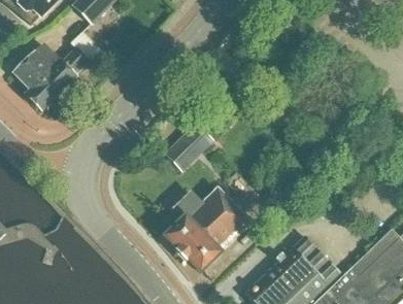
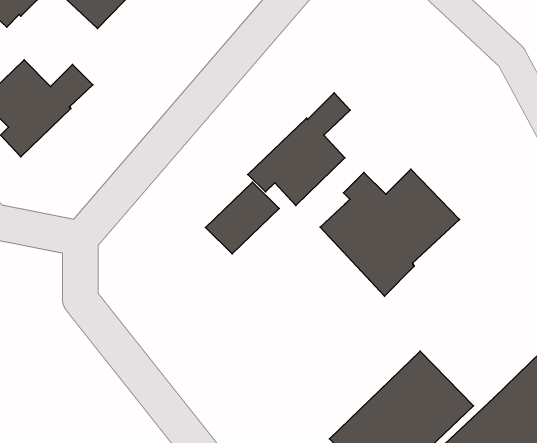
building: none -> [248,93,350,205]
building: [160,190,251,273] -> [320,169,460,296]

